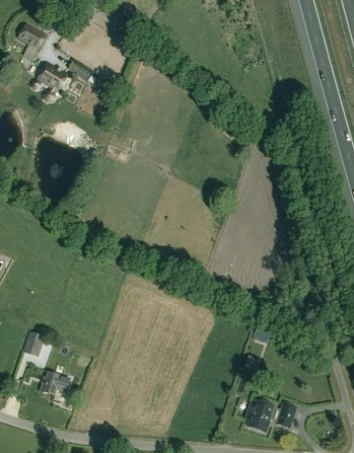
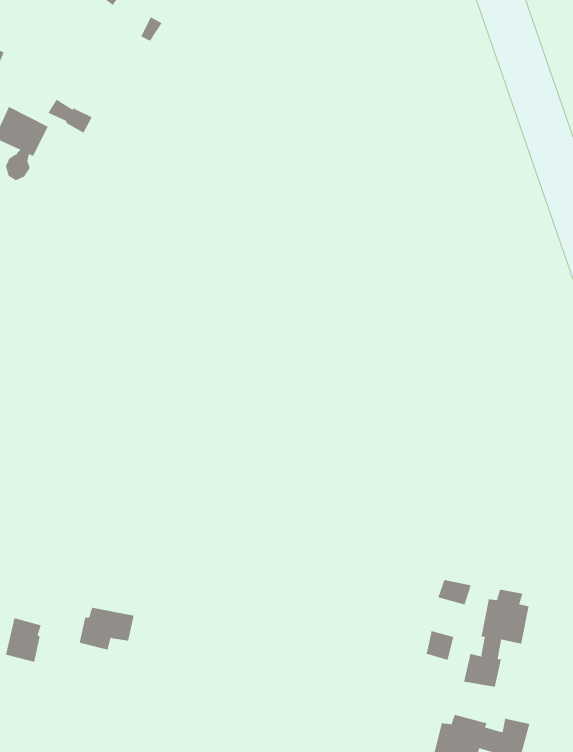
building: none -> [464,589,529,688]
building: [40,372,70,395] -> [79,607,135,650]

